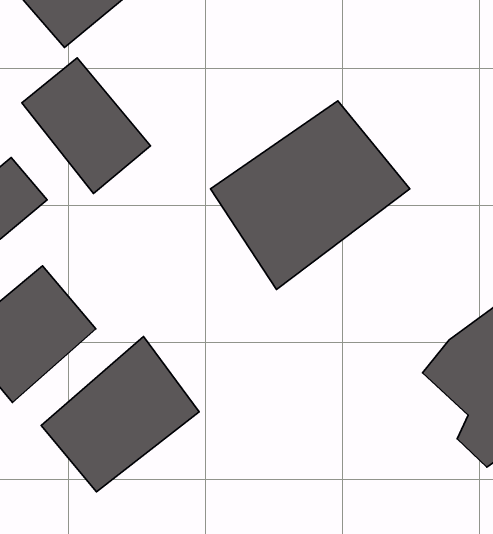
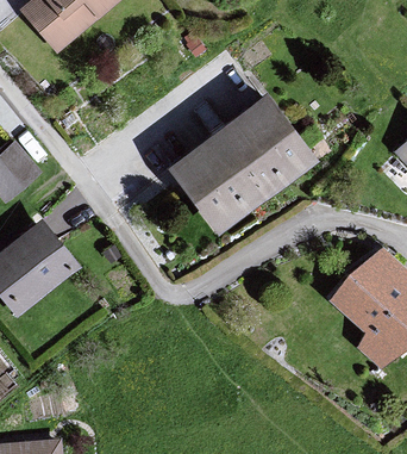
building: [22,58,151,193] -> none
building: [41,336,199,492] -> none

